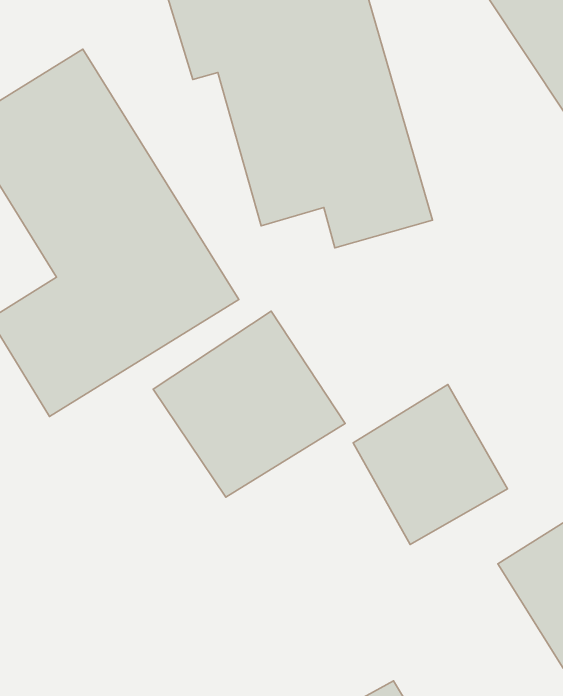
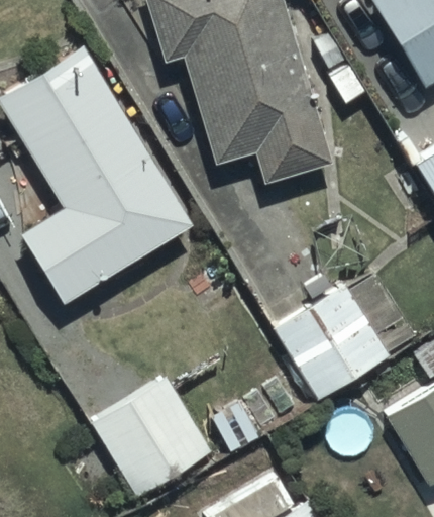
building: [153,311,345,497] -> none
building: none -> [91,369,216,501]

